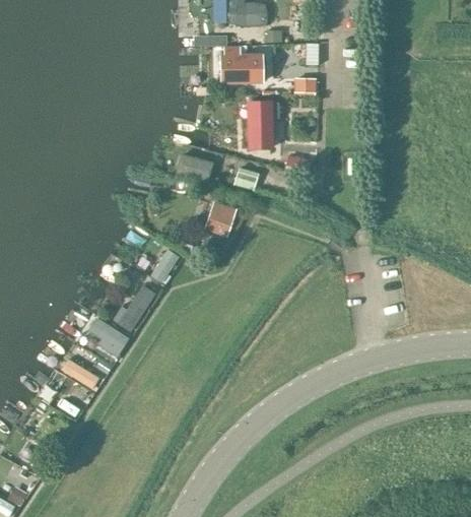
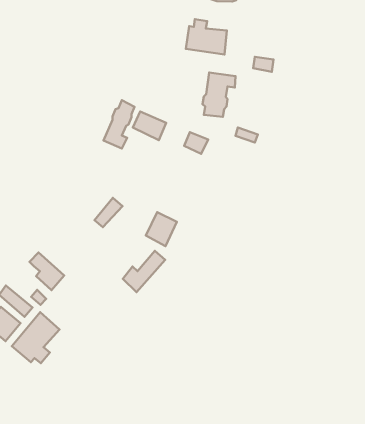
building: none -> [103,100,135,148]
building: [206,201,237,236] -> [146,212,177,246]
building: [114,285,155,332] -> [123,251,165,292]
building: none -> [12,312,59,363]

